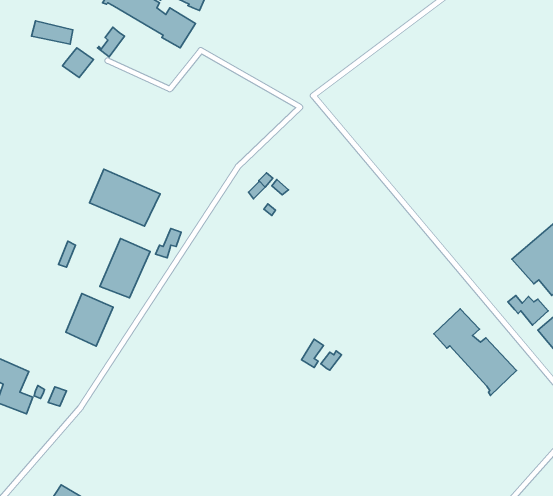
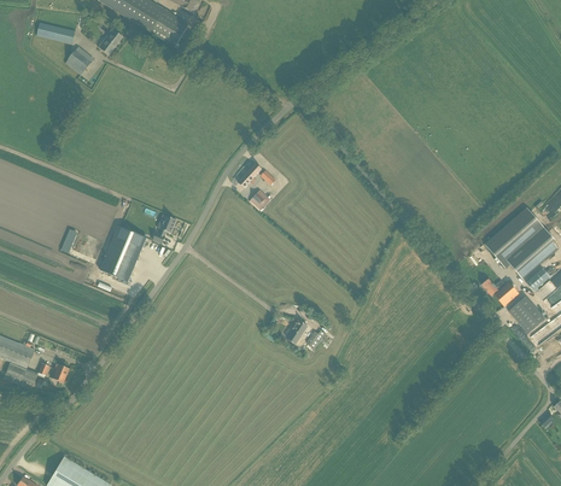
building: [89,169,160,226] -> none
building: [66,293,113,346] -> none
building: [434,309,516,396] -> none

